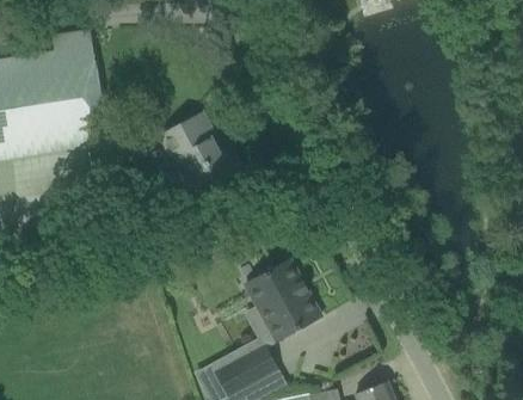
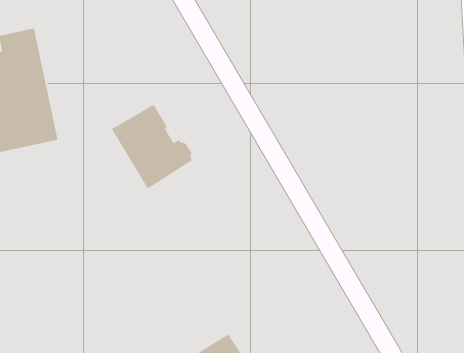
building: [245,259,320,339] -> none

